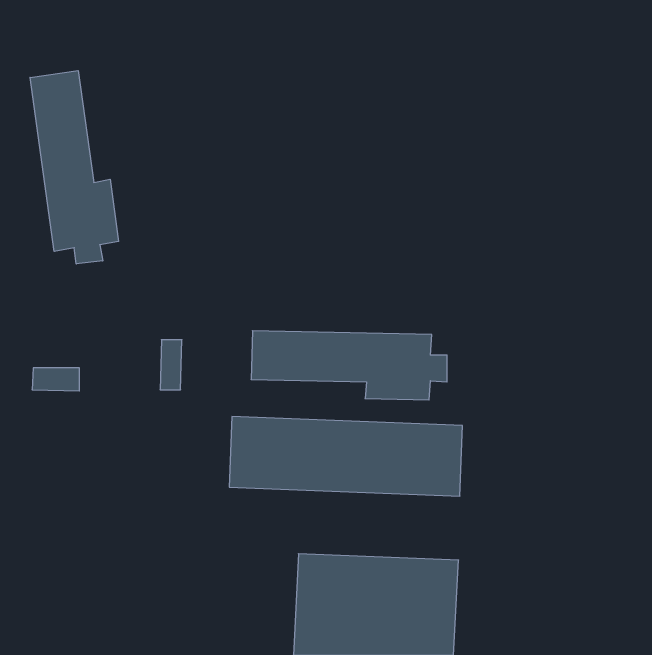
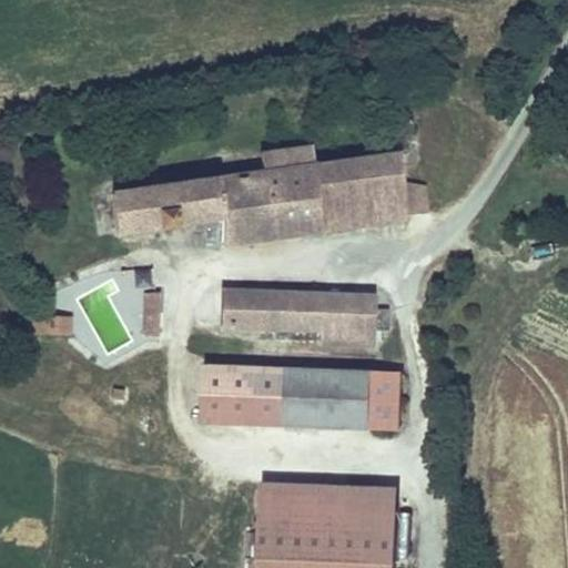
building: [30,71,119,264] -> none
building: none -> [106,148,427,251]

